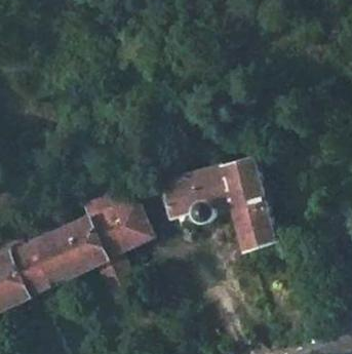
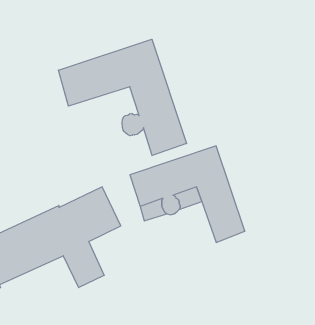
building: none -> [58,39,187,156]

